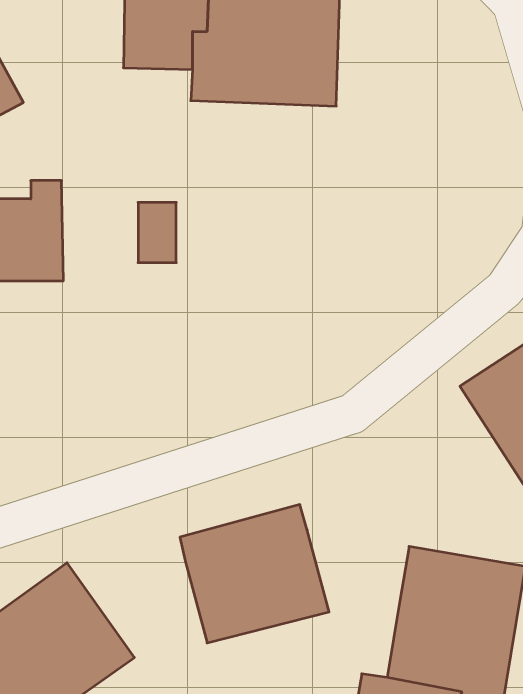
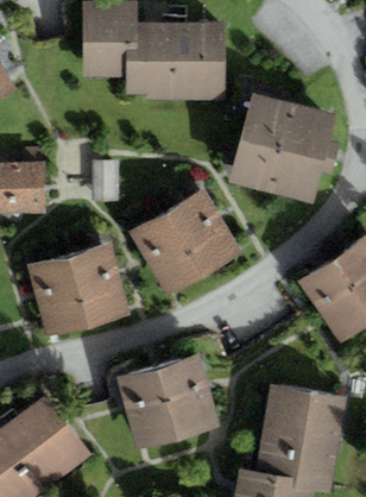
building: none -> [231,94,337,201]
building: none -> [131,190,240,294]
building: none -> [27,244,127,335]

